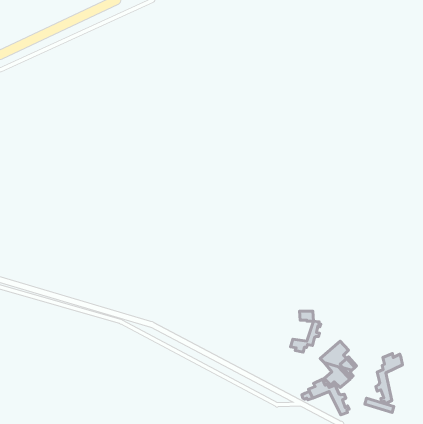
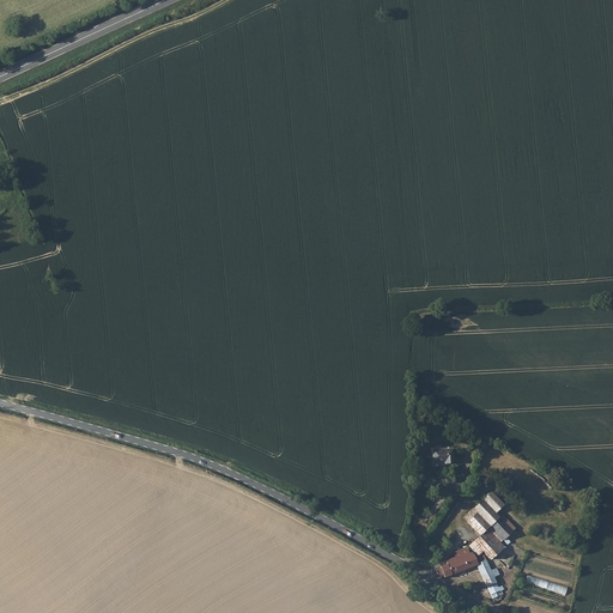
building: [291,321,321,352] -> none
building: [376,354,403,404] -> none

